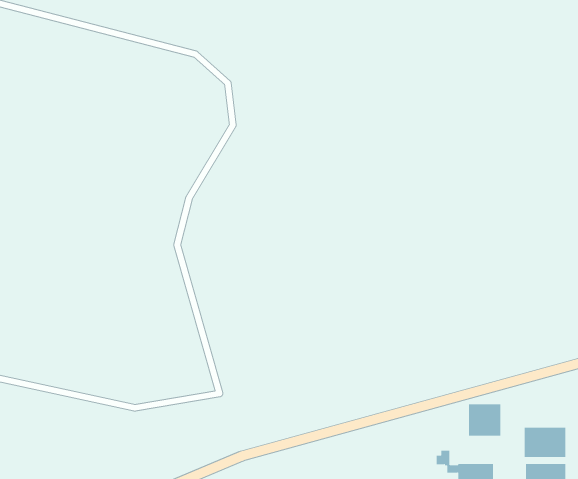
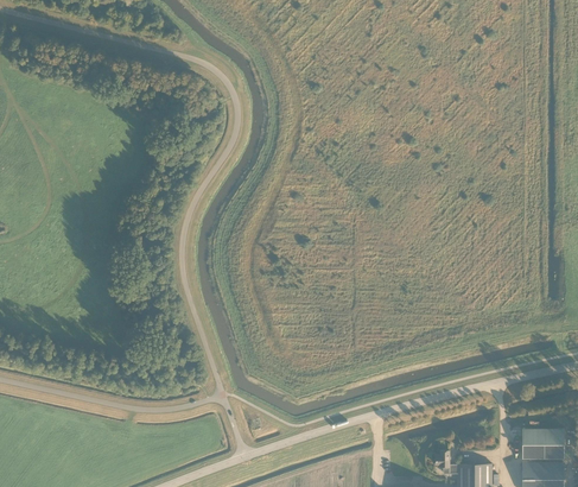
building: [469,404,501,436] -> none

